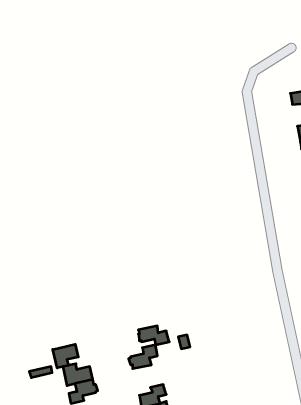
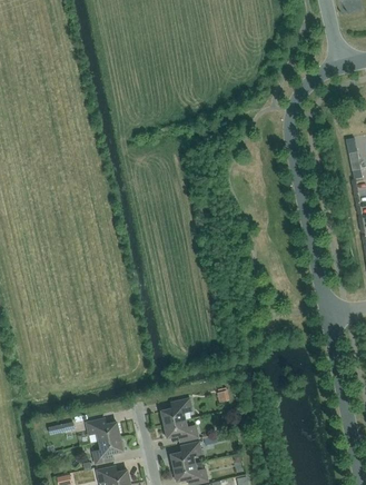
building: [138,326,169,345] -> [164,419,198,441]
building: [53,344,78,368] -> none

